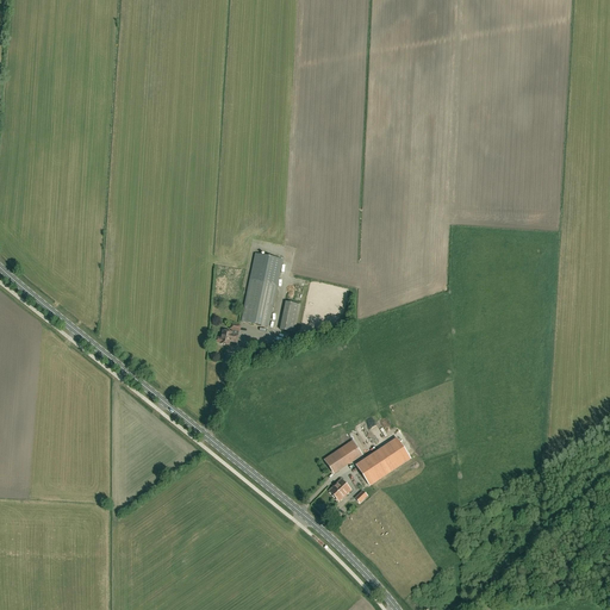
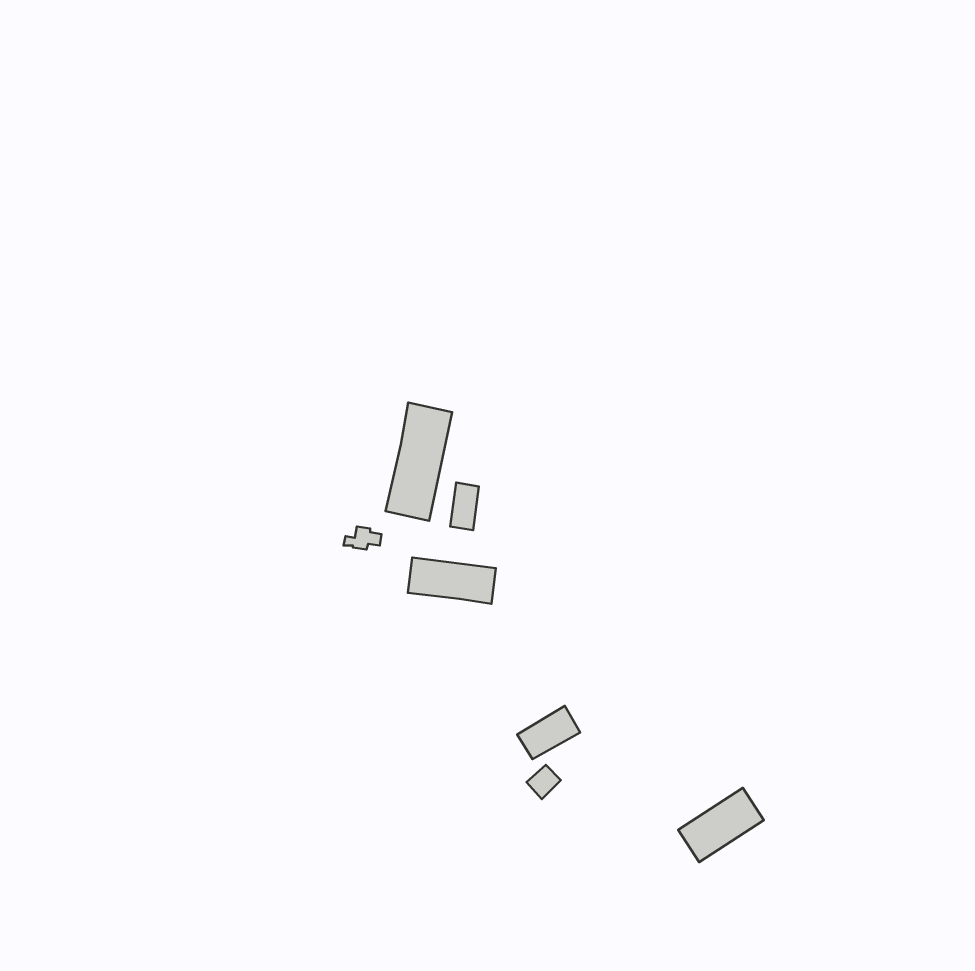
building: none -> [408,557,496,604]
building: [356,437,410,484] -> [678,788,764,862]

